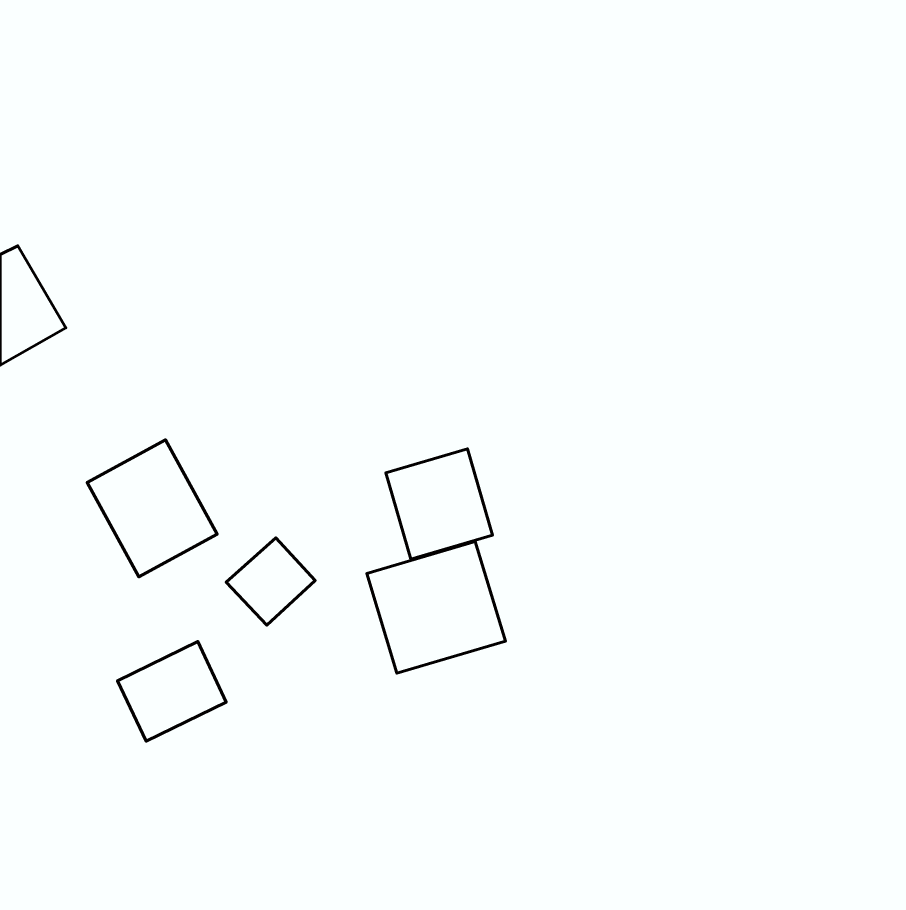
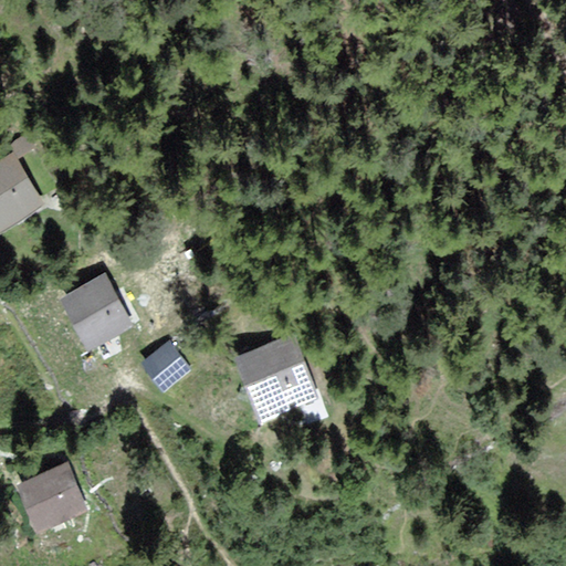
building: [386,449,492,559] -> none
building: [118,642,226,741] -> [19,469,86,531]

